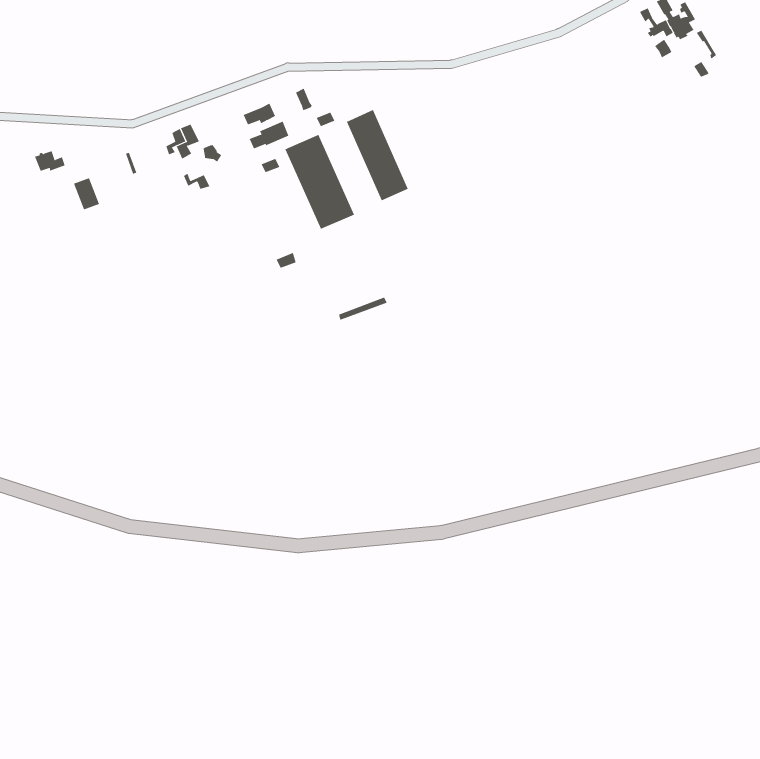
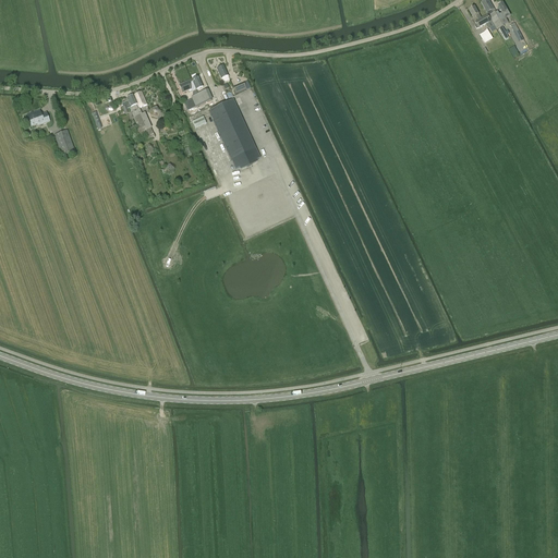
building: [346,109,409,201] -> none

